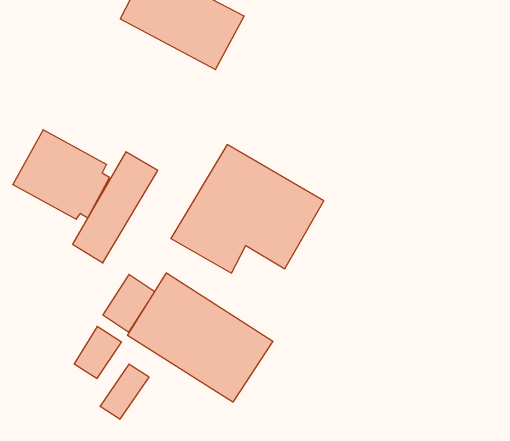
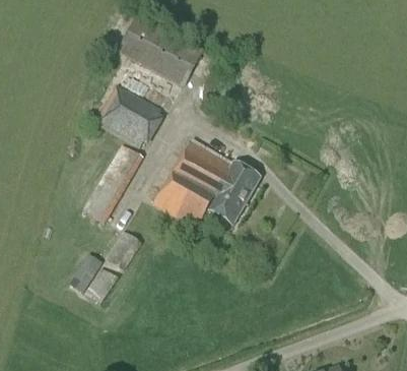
building: [13,130,109,219] -> [94,83,162,146]
building: [128,273,273,402] -> none
building: [100,364,149,419] -> [68,253,103,292]

